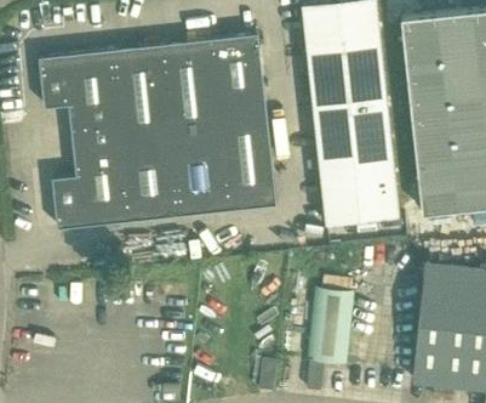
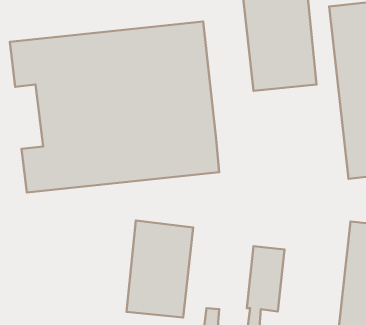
building: [315,108,399,226] -> none
building: none -> [127,221,193,318]

